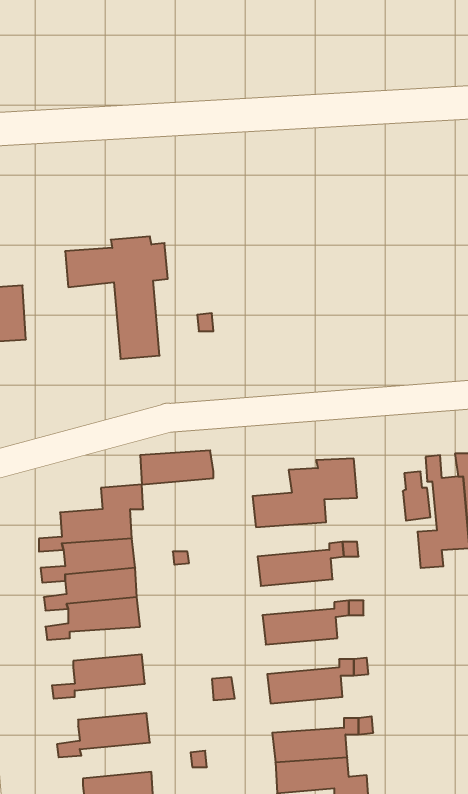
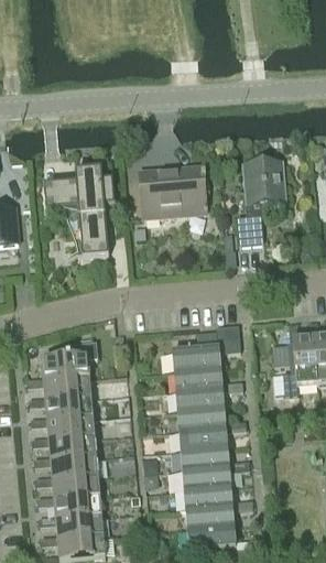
building: none -> [236,161,286,245]
building: none -> [139,165,204,216]
building: [140,450,213,485] -> [173,367,222,390]
building: none -> [176,405,226,430]
building: none -> [33,437,96,466]
building: none -> [180,445,229,469]
building: none -> [36,476,99,506]
building: none -> [183,485,232,509]
building: none -> [40,516,102,545]

